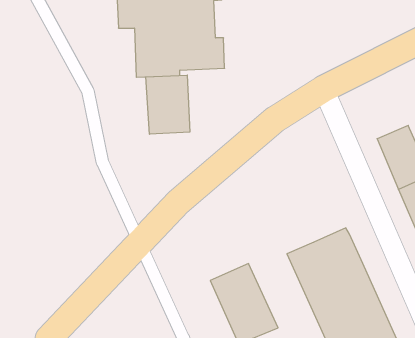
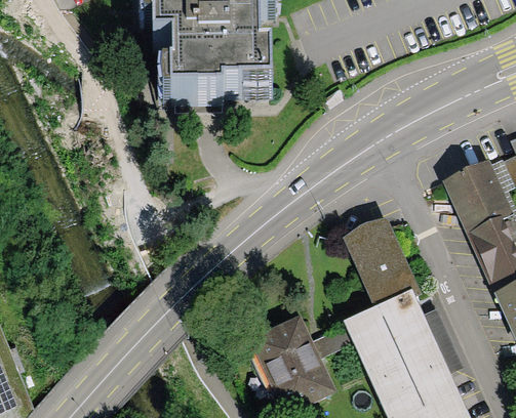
building: [146,75,190,134] -> none
building: none -> [342,211,420,300]

